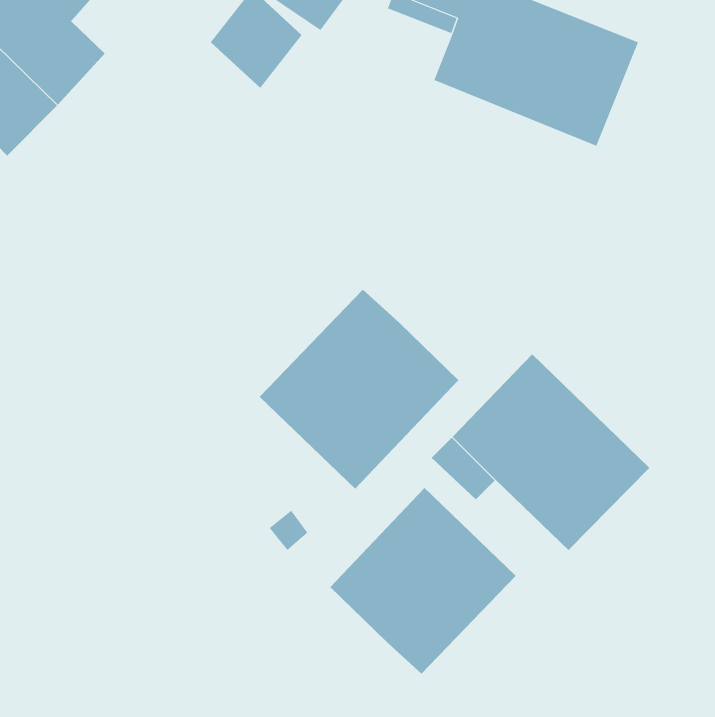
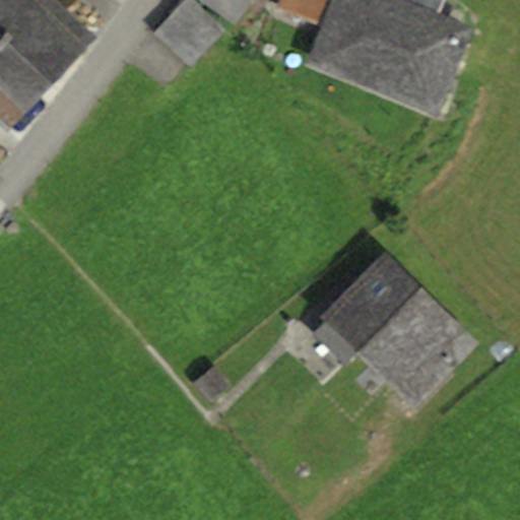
building: [259,289,459,490] -> none
building: [329,487,516,674] -> none

